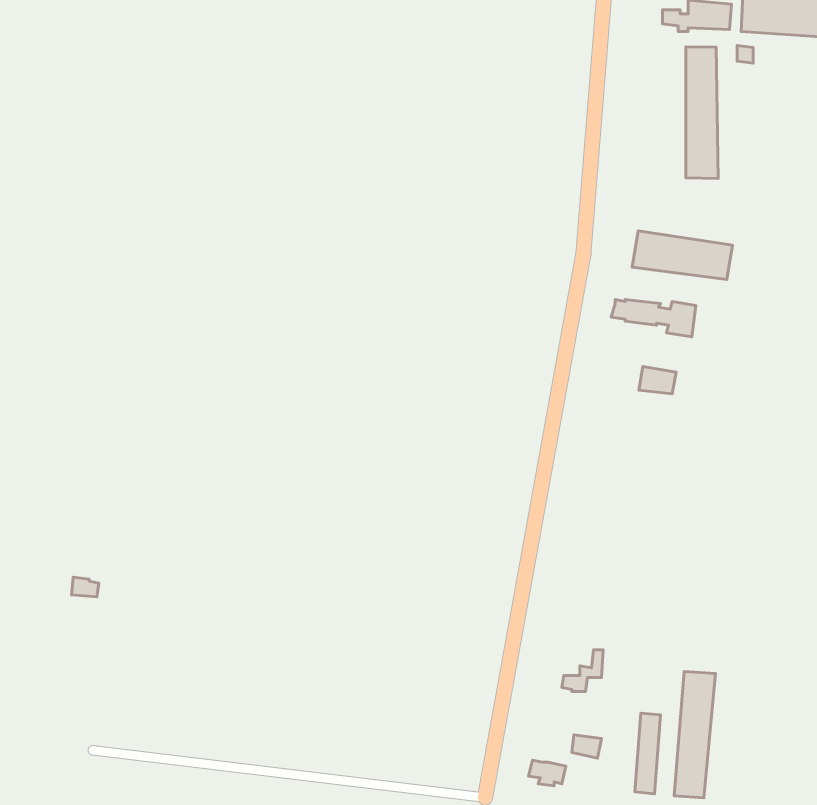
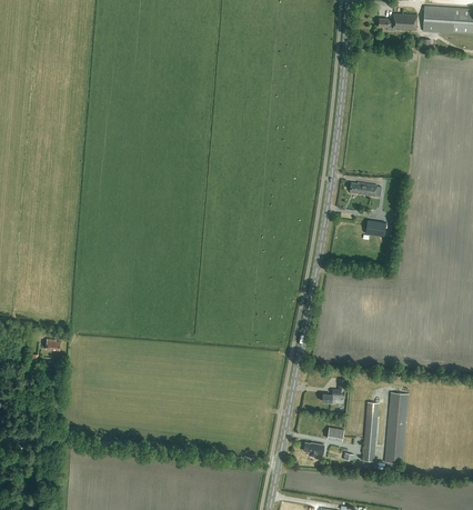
building: [686,47,718,178] -> none
building: [632,231,732,279] -> none

